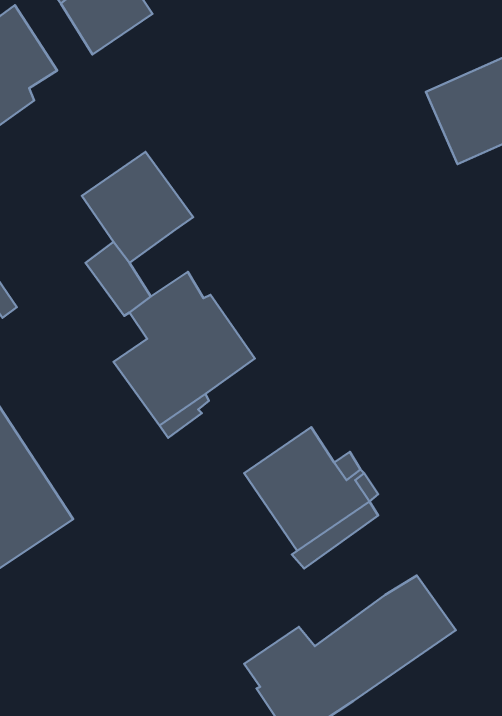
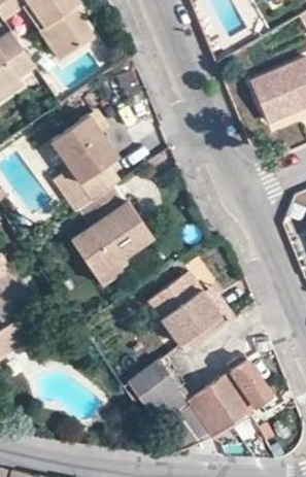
building: none -> [79,160,121,199]
building: none -> [128,361,178,413]

